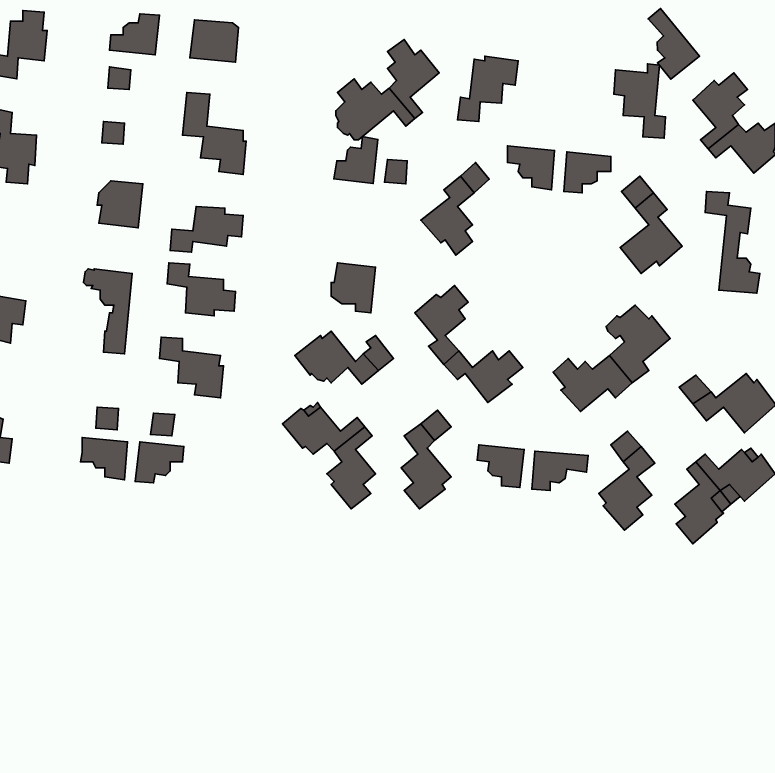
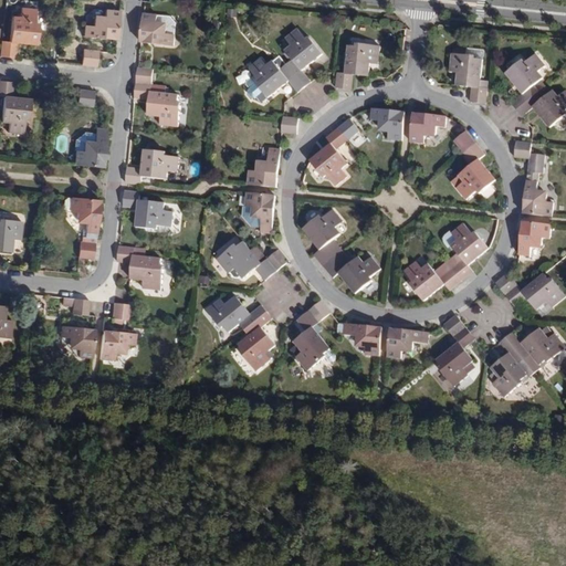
building: [648,9,699,79] -> none
building: [334,136,378,184] -> [245,153,277,187]
building: none -> [518,220,549,253]

